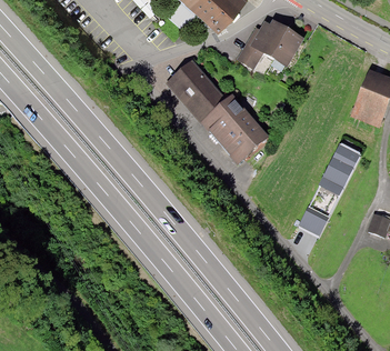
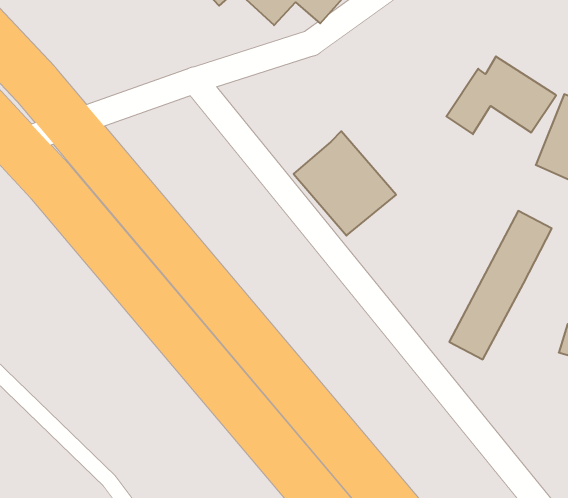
building: [237,20,306,69] -> [446,56,556,134]
building: [168,61,224,121] -> none

